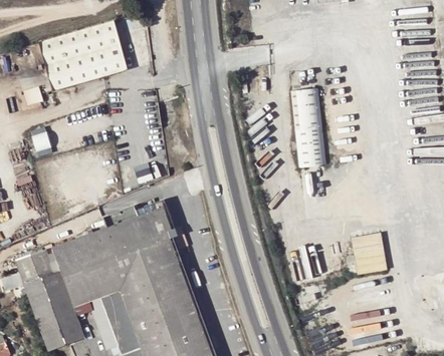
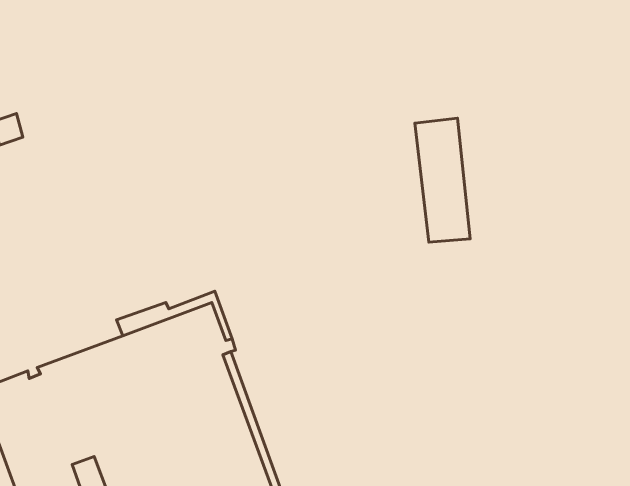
building: [40,22,126,89] -> none
building: [352,234,387,276] -> none

